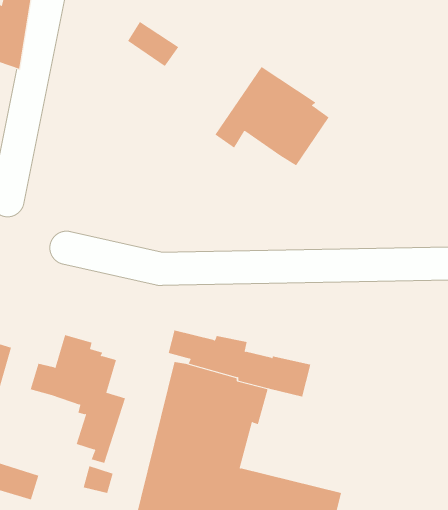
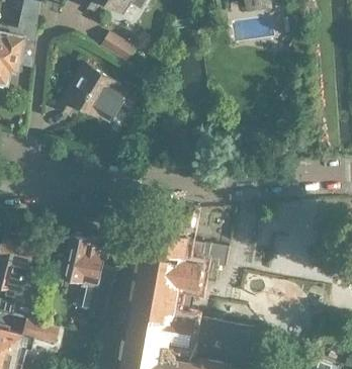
building: [215,66,329,166] -> [57,62,129,124]

